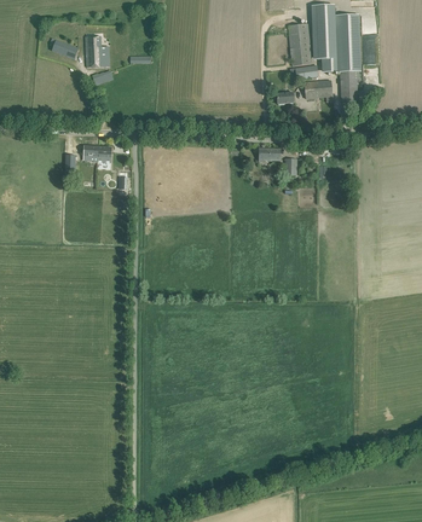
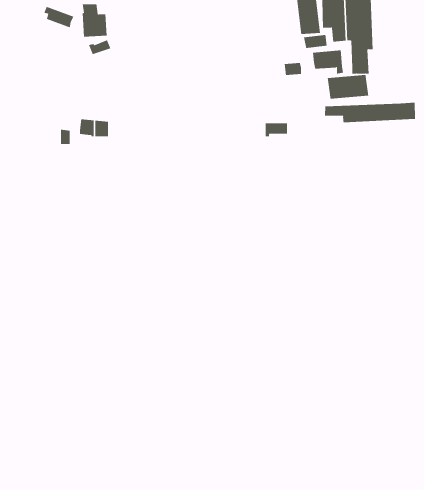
building: none -> [327,74,369,100]
building: none -> [324,102,415,123]

